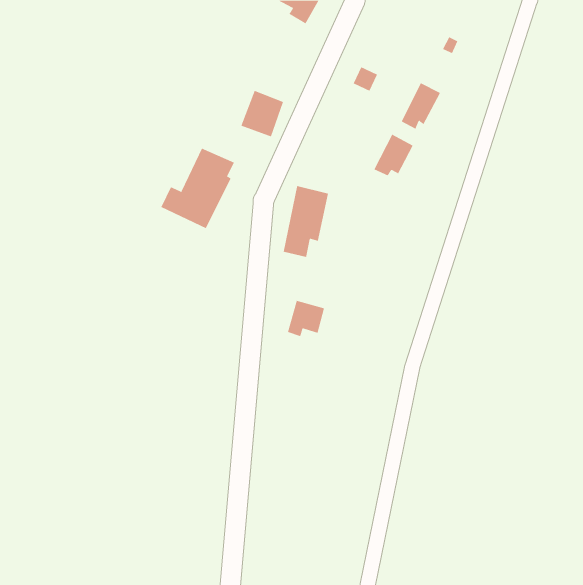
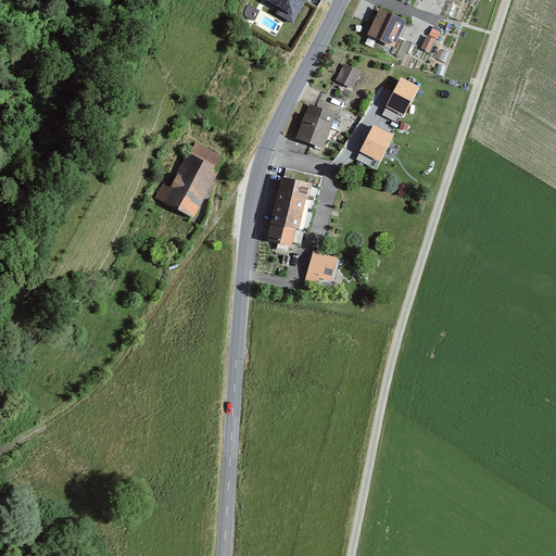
building: none -> [368,9,406,46]
building: [240,90,284,137] -> [294,102,336,147]
building: [287,300,325,337] -> [302,252,338,287]

